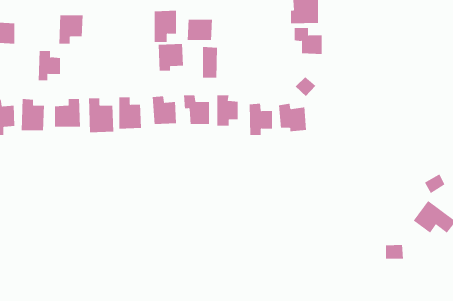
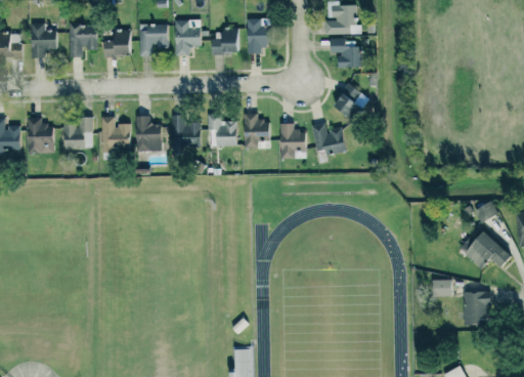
building: none -> [103,30,131,56]
building: [158,44,184,71] -> [139,24,168,54]
building: [202,47,218,78] -> [248,18,265,53]
building: [38,51,61,81] -> [31,24,56,57]
building: none -> [464,292,490,325]

